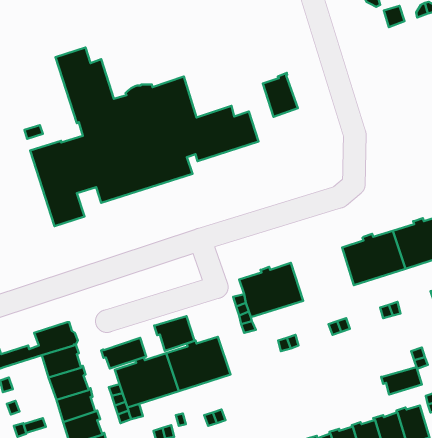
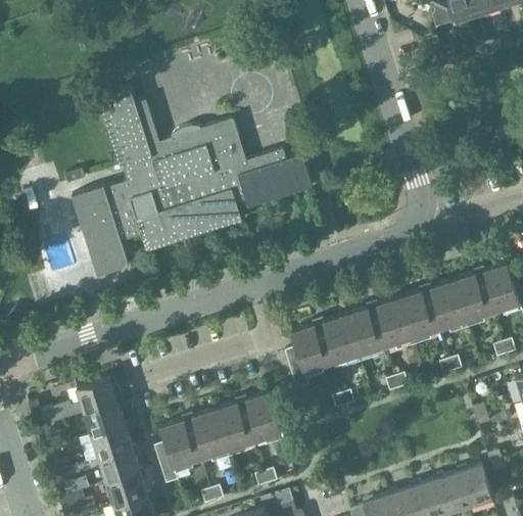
building: [263,73,298,117] -> none
building: none -> [345,299,412,356]
building: [154,316,195,351] -> none
building: [101,338,146,368] -> none
building: [381,367,422,394] -> none

